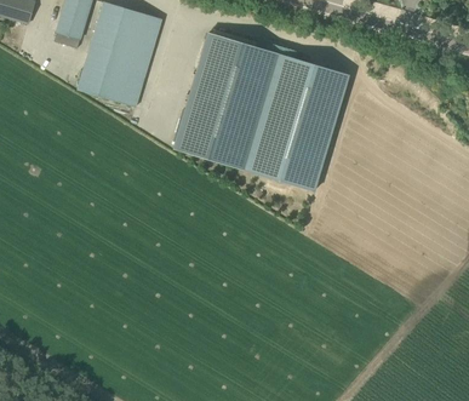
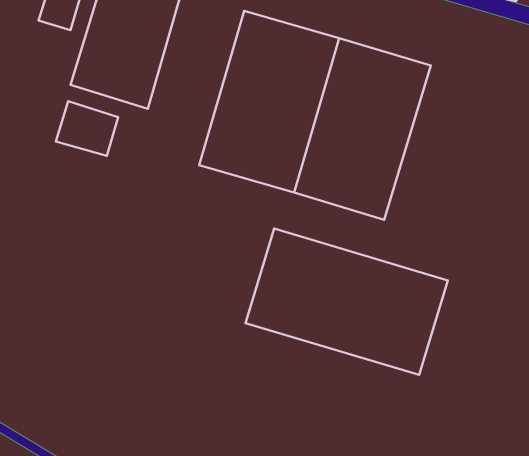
building: none -> [56,101,118,156]
building: none -> [246,229,448,375]

